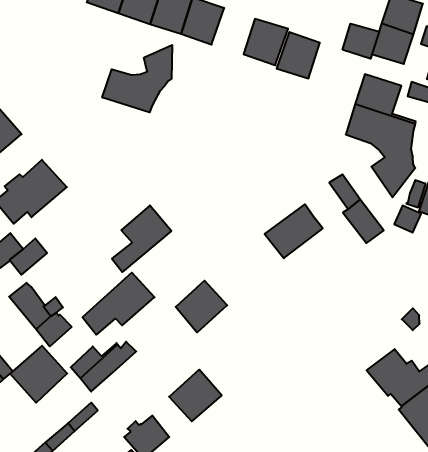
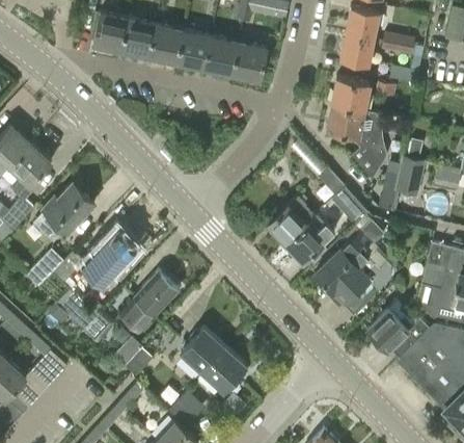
building: [343,24,379,59] -> none
building: [277,32,320,78] -> [203,36,238,74]
building: [102,45,172,112] -> none
building: [112,205,171,272] -> [91,227,139,286]
building: none -> [285,214,333,262]
building: none -> [313,221,389,315]
building: [176,281,227,332] -> [181,328,224,372]
building: [10,346,67,403] -> none

